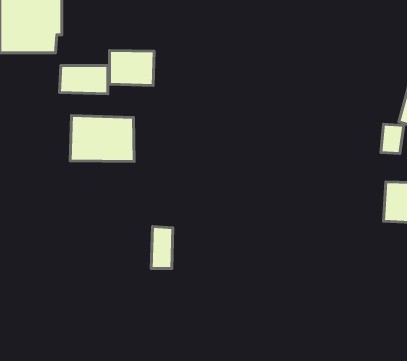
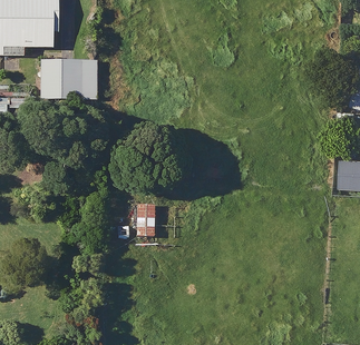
building: [109,51,154,86] -> none
building: [70,116,134,162] -> none

